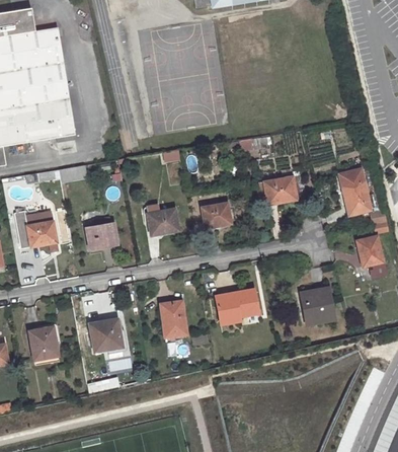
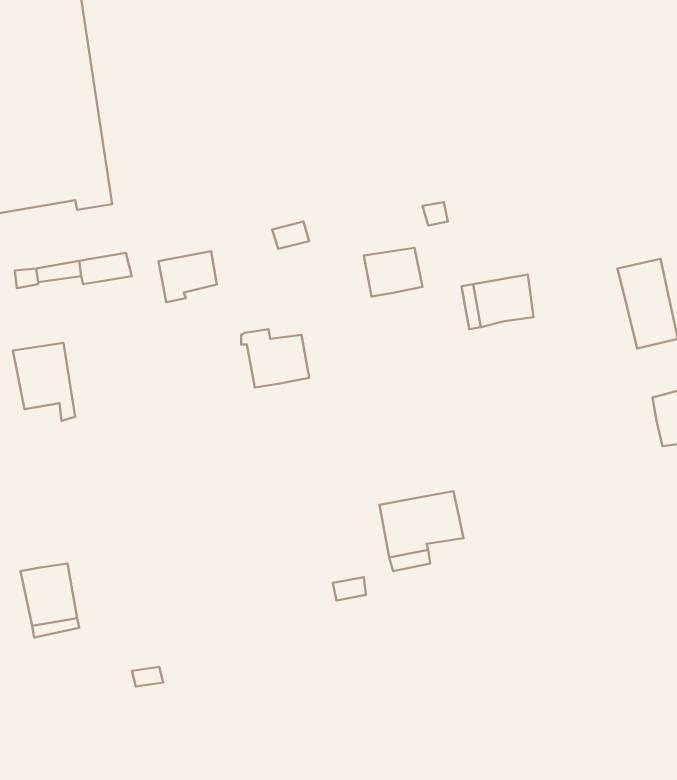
building: [201,203,231,228] -> [364,248,422,297]
building: [85,223,115,249] -> [158,251,217,302]
building: [303,291,331,321] -> none
building: [160,300,185,336] -> none
building: [89,318,122,352] -> none

